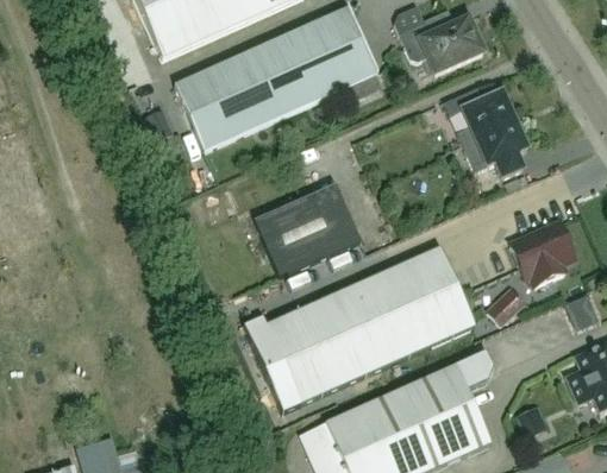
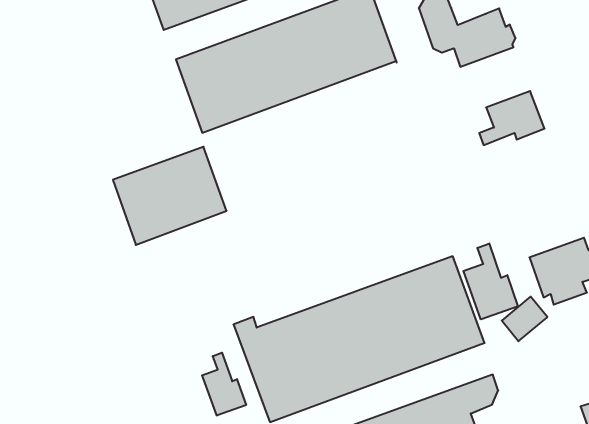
building: [462,124,527,177] -> none
building: [255,182,361,276] -> [113,147,227,245]
building: none -> [463,243,518,319]
building: none -> [202,353,246,416]

